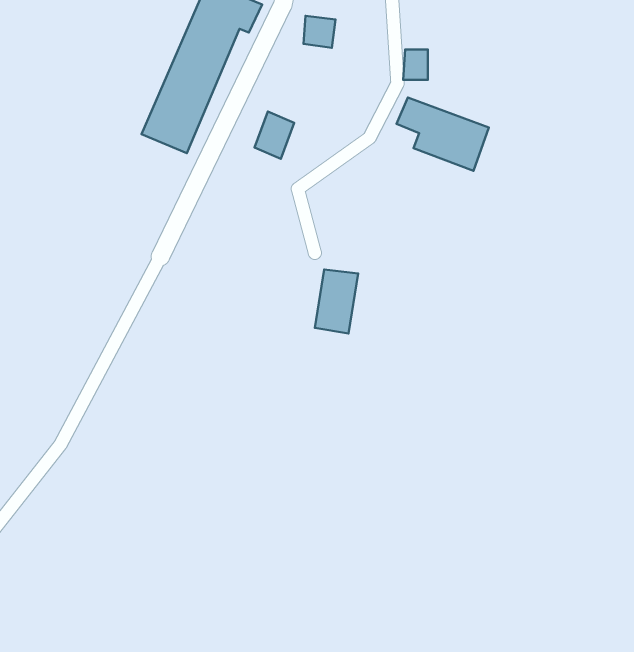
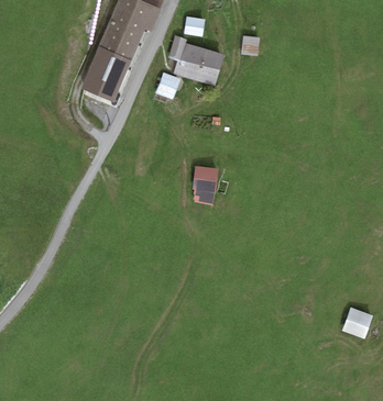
building: [396,97,489,171] -> [171,36,225,79]
building: none -> [340,308,368,338]

